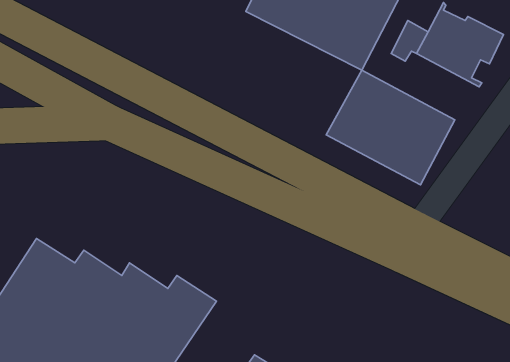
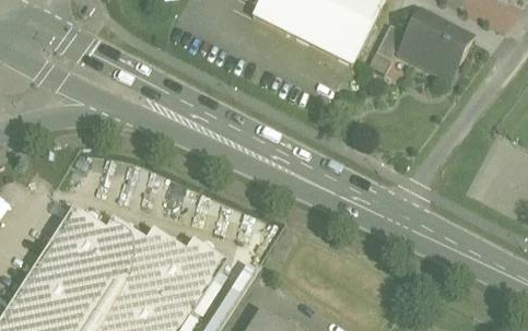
building: [326,70,455,185] -> none

